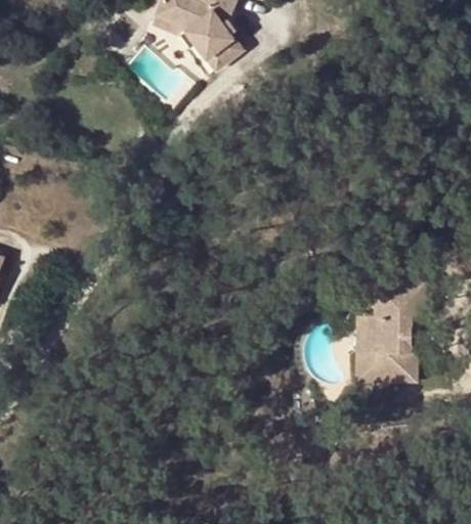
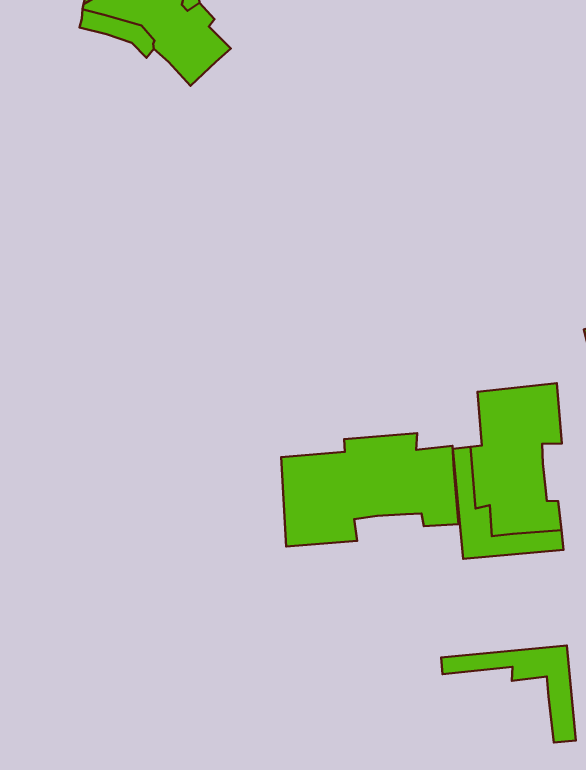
building: none -> [281,433,459,547]
building: none -> [441,646,576,742]

